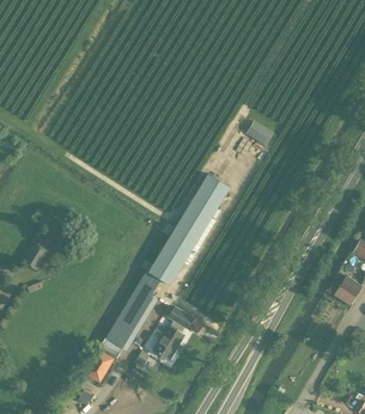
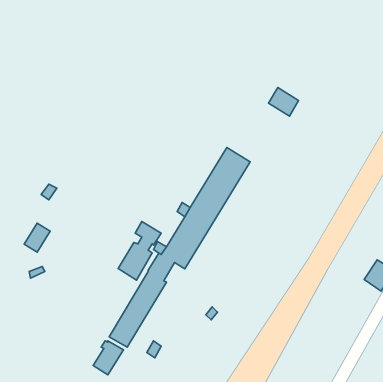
building: [153,306,193,360] -> [118,222,161,280]

